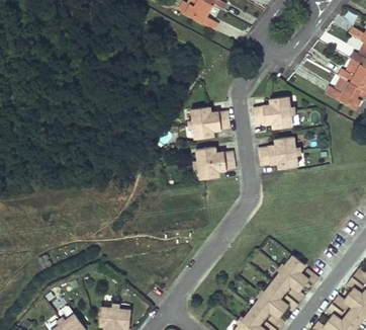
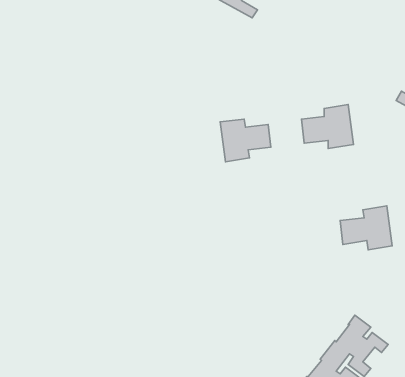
building: [258,136,297,169] -> [340,206,392,250]
building: [196,146,236,178] -> none

